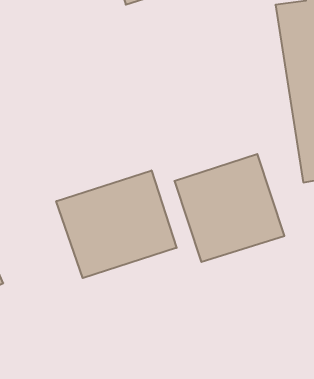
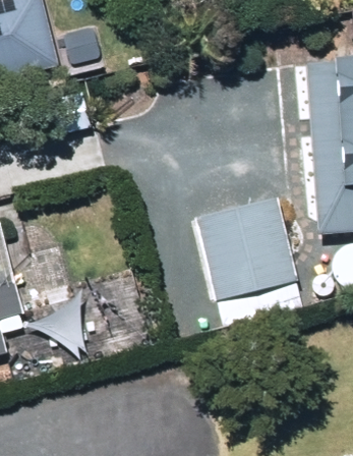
building: [56,170,177,278] -> none

